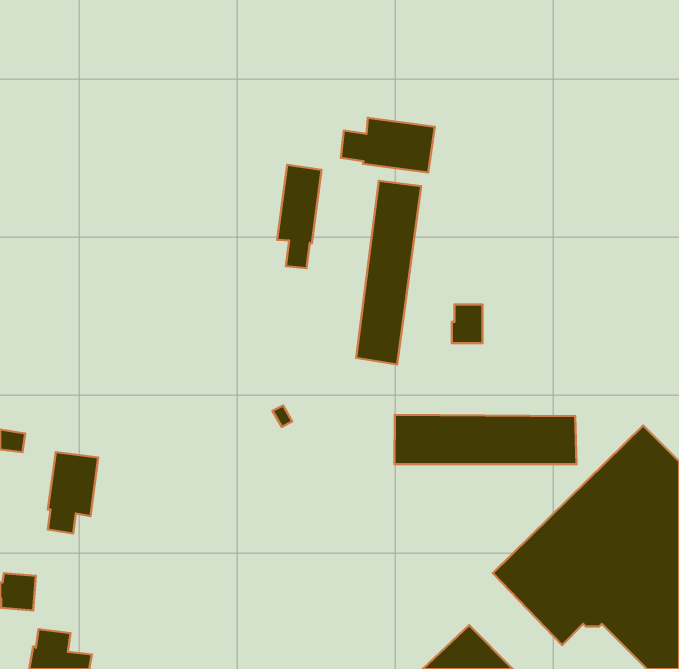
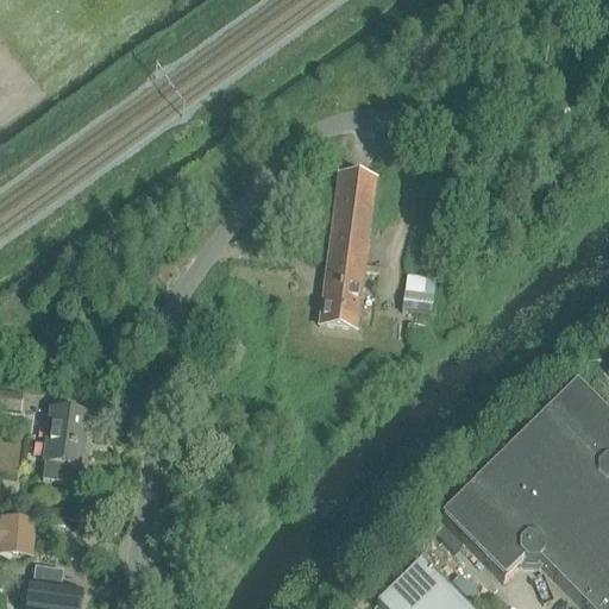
building: [341,118,435,172] -> none
building: [277,165,322,268] -> none
building: [395,415,576,464] -> none

